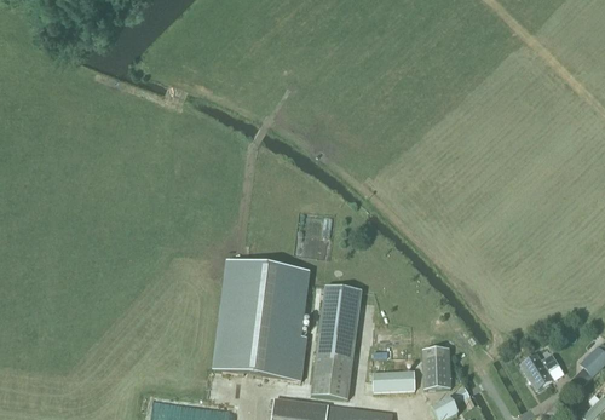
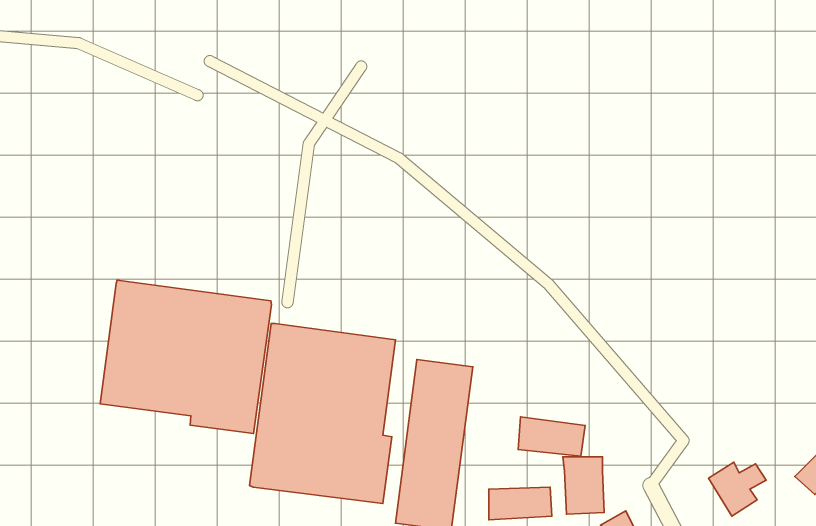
building: none -> [100,280,272,433]
building: none -> [518,417,585,456]

